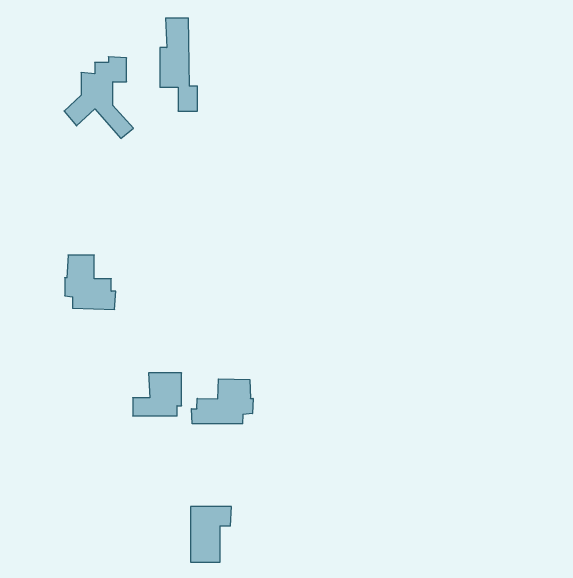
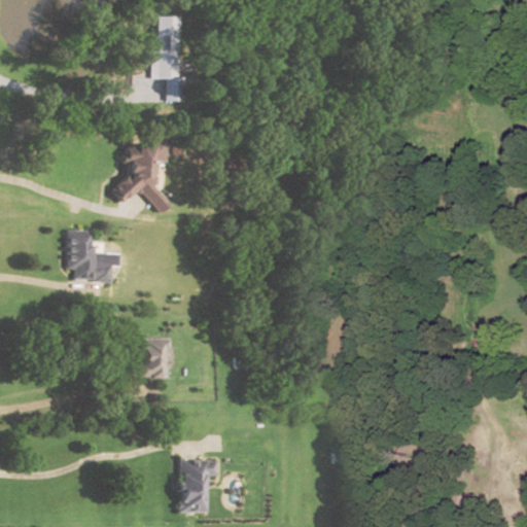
building: [64,57,133,138] -> [110,140,173,214]
building: [191,379,253,424] -> none

